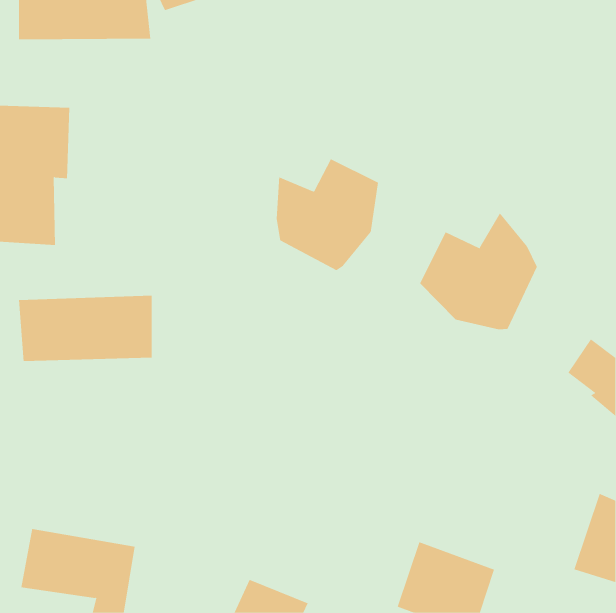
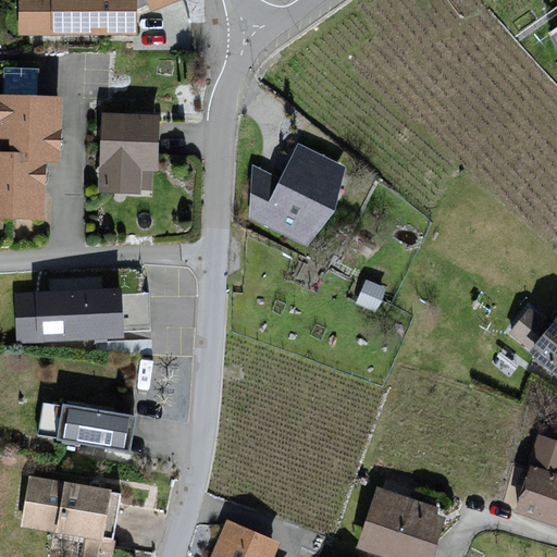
building: none -> [98,111,160,193]
building: [419,212,537,330] -> none
building: none -> [54,405,131,453]

